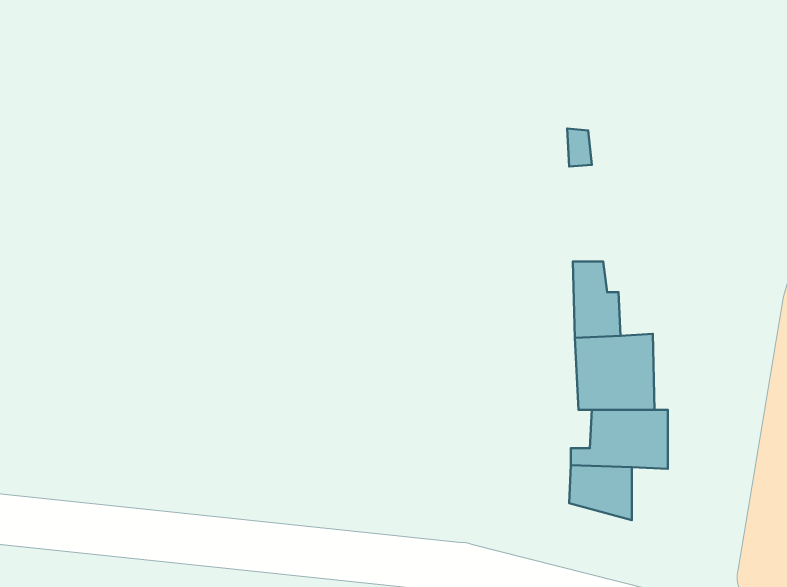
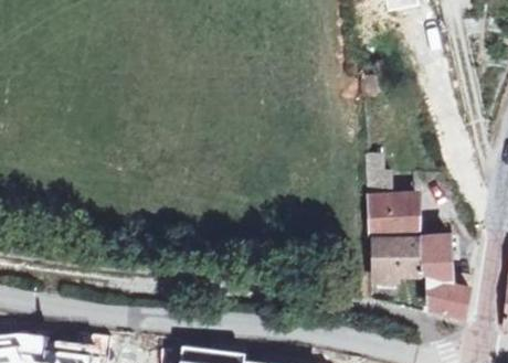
building: none -> [422,237,470,316]

